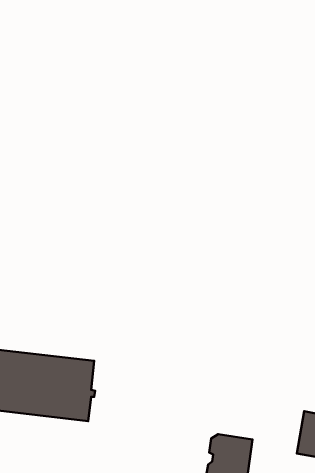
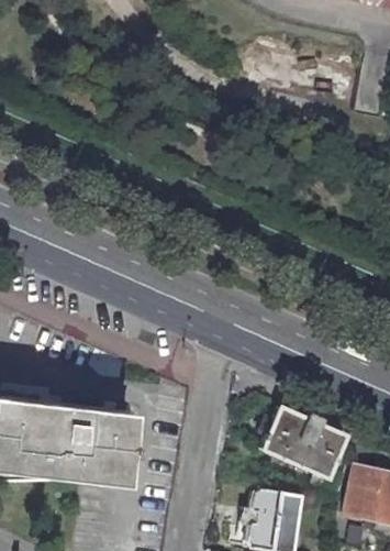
building: none -> [264,408,352,500]

